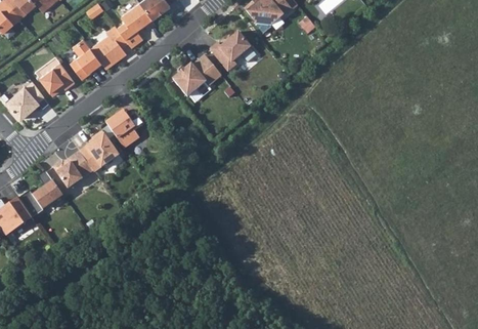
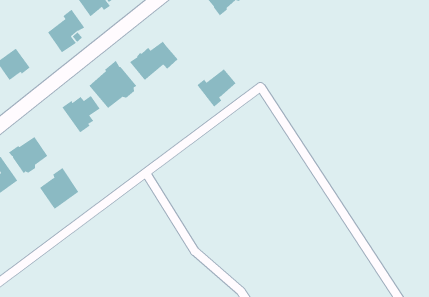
building: [211,31,251,70] -> [196,69,236,108]
building: [70,37,101,78] -> none
building: none -> [89,60,137,109]
building: [79,130,119,172] -> [39,167,79,209]

